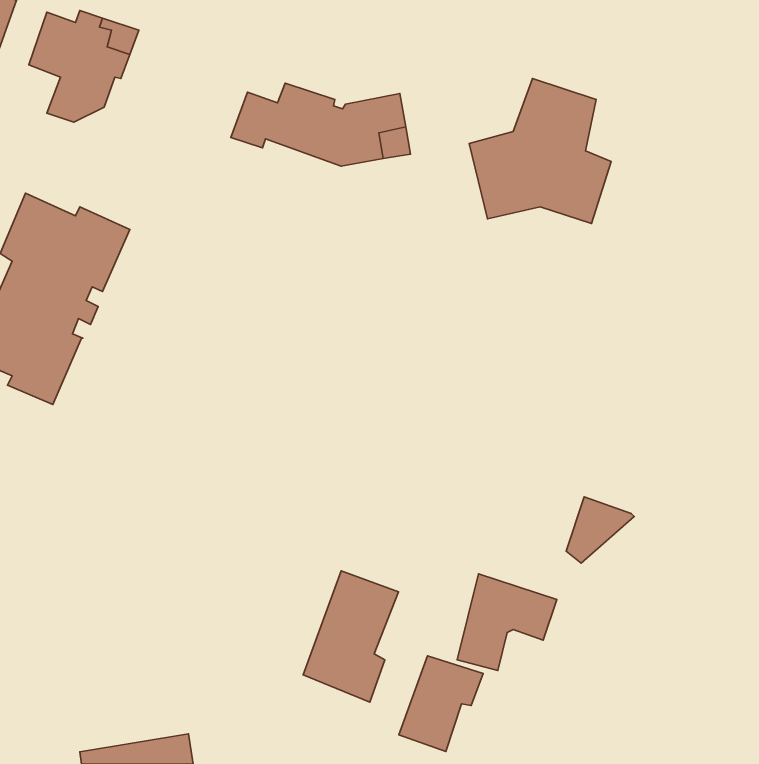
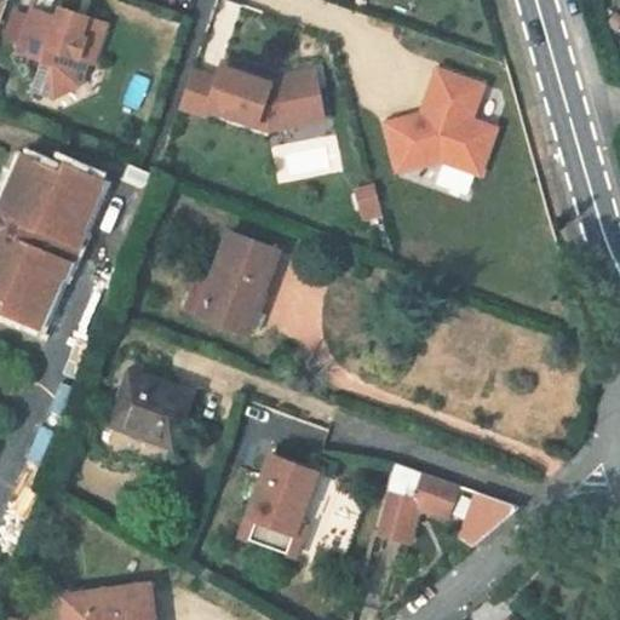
building: none -> [199,229,277,334]
building: none -> [107,371,195,455]
building: [566,497,634,563] -> [450,487,505,540]
building: [399,656,483,752] -> none

